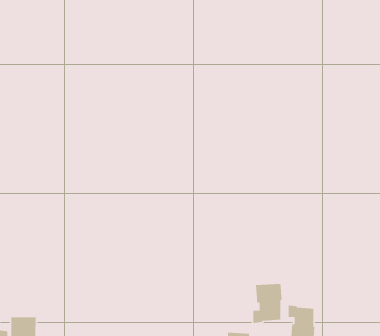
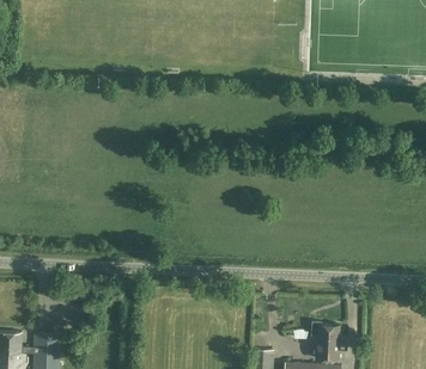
building: [252,283,283,324] -> none

